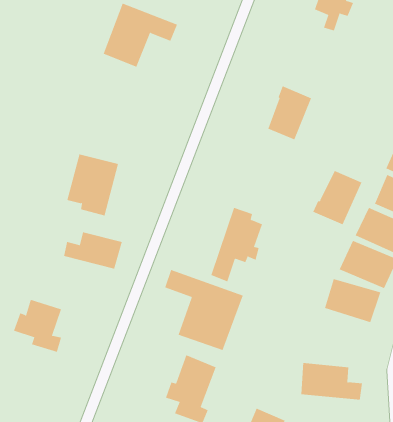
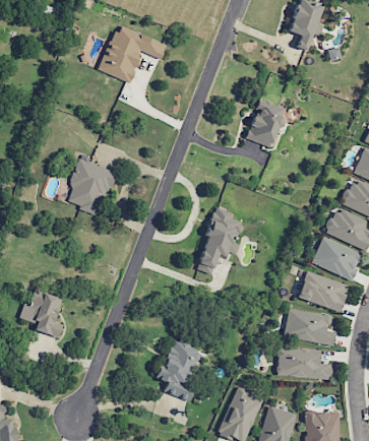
building: [313,170,362,225] -> none
building: [64,232,122,270] -> none
building: [164,269,243,351] -> none
building: none -> [285,309,335,344]

